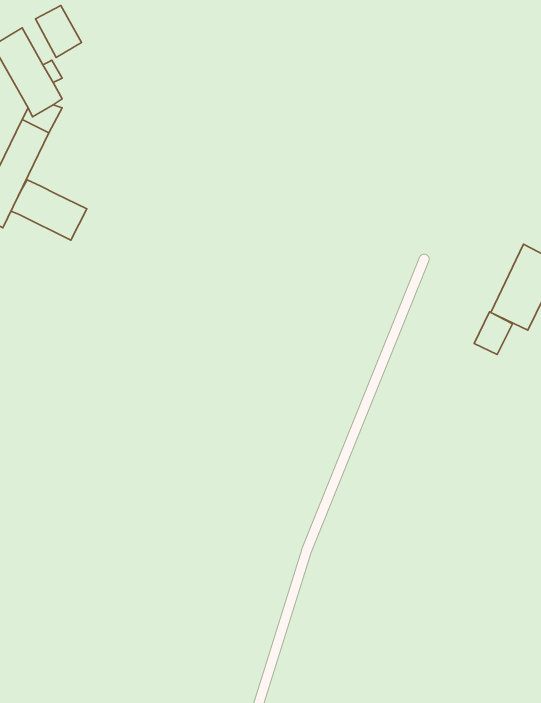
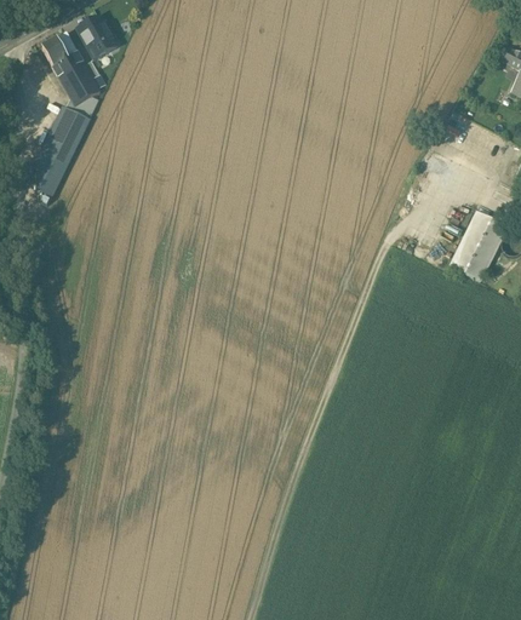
building: [11,180,87,240] -> none
building: [474,312,512,354] -> none

